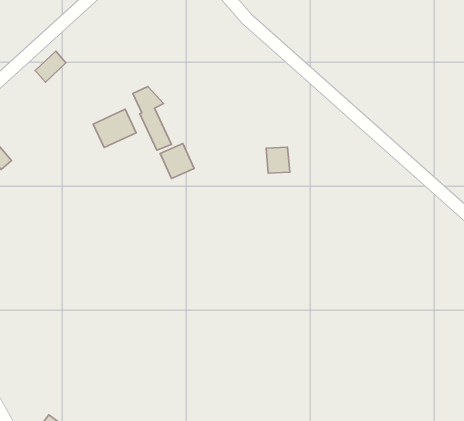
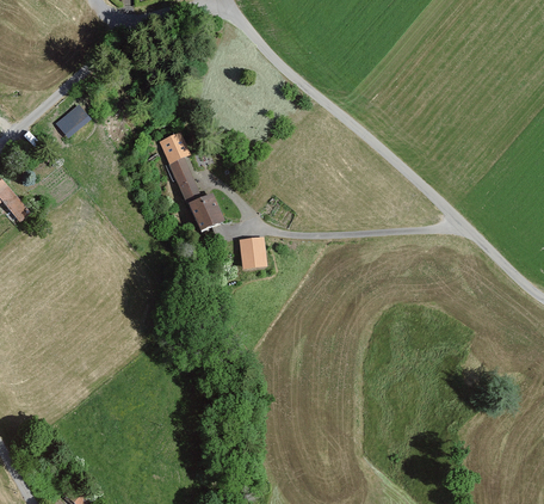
building: [93,109,136,148] -> none
building: [266,147,290,173] -> [241,239,266,266]

